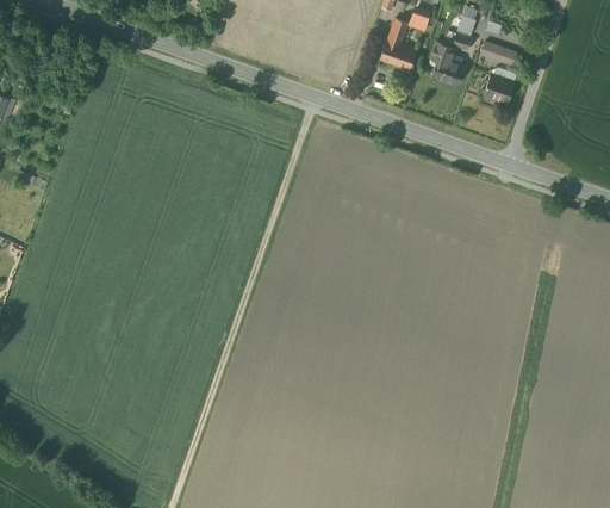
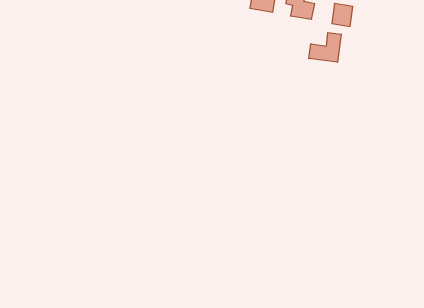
building: none -> [309,33,341,62]

